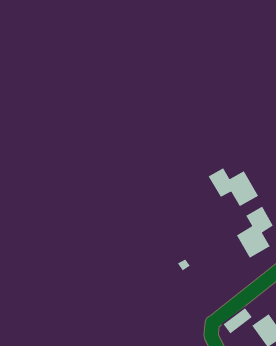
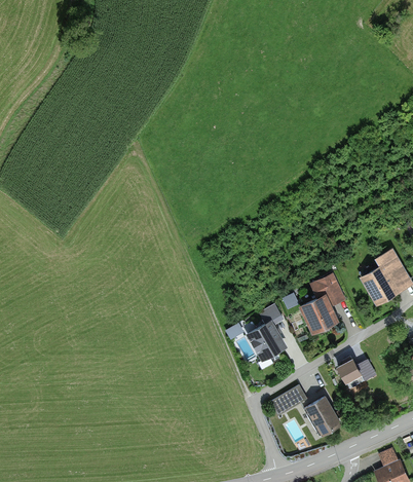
building: [208,167,259,207] -> none
building: none -> [248,304,289,360]

